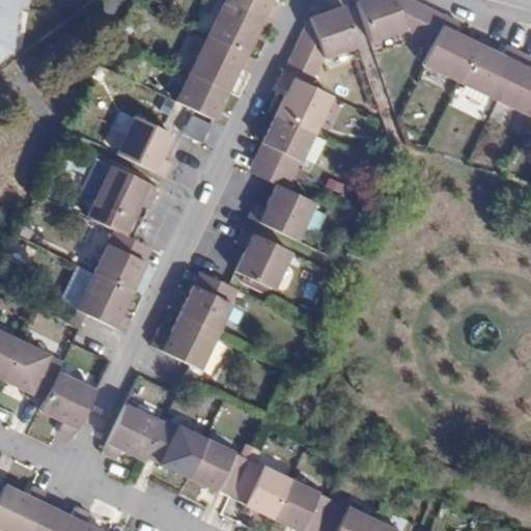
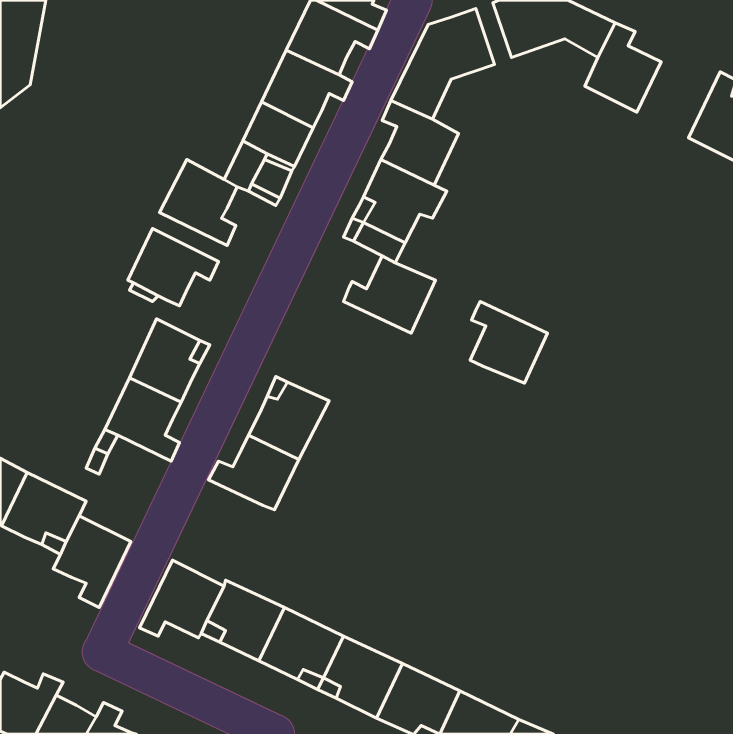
building: [460,45,521,100] -> none
building: [235,229,291,288] -> [470,301,548,383]

